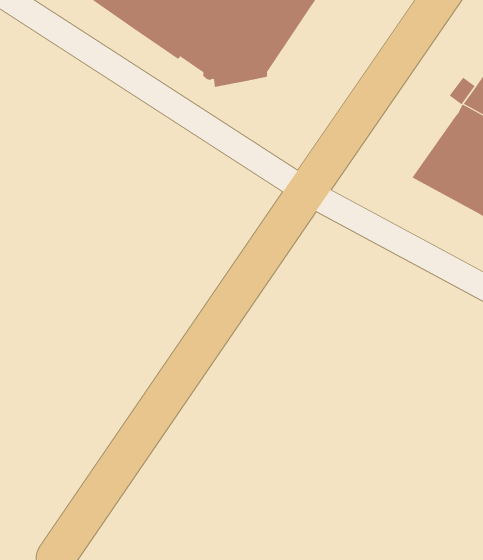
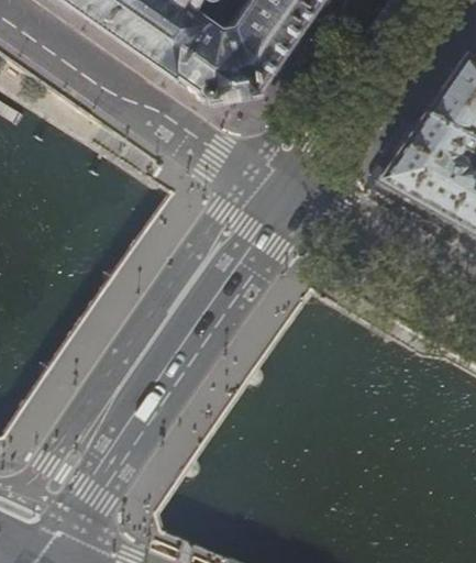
building: none -> [385,110,457,214]

